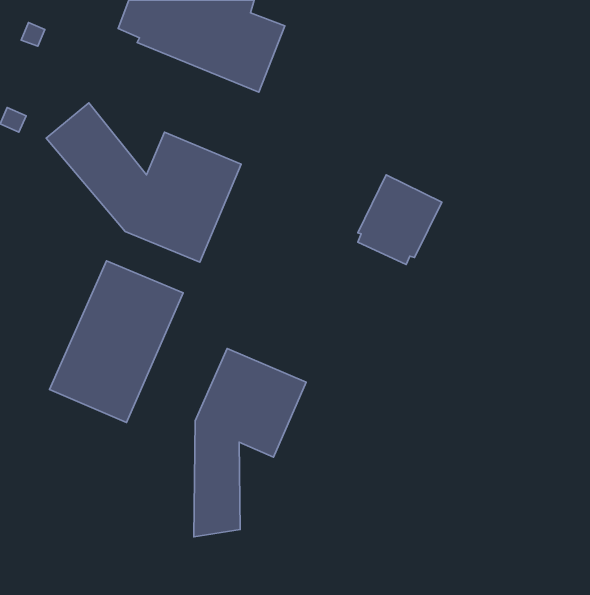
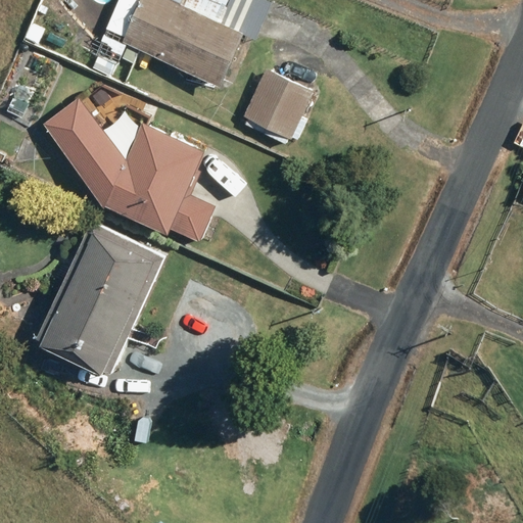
building: [358,175,442,265] -> [239,69,312,147]
building: [194,348,306,537] -> none

